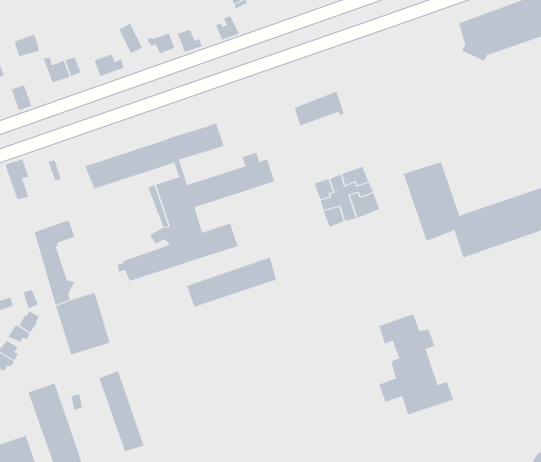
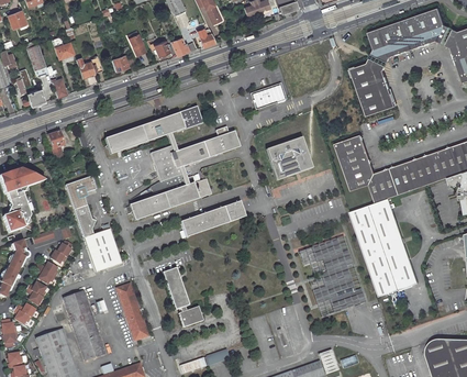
building: none -> [352,57,399,118]
building: none -> [351,198,416,297]
building: none -> [160,267,201,326]

